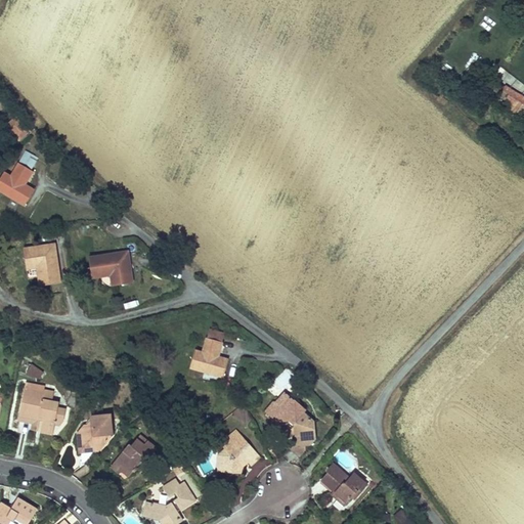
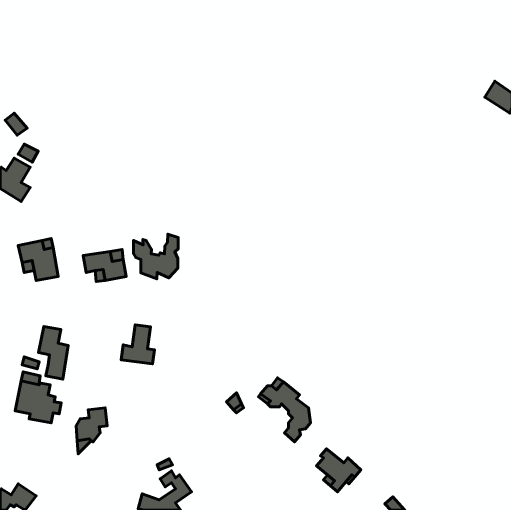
building: none -> [134,234,178,279]
building: [189,330,223,369] -> [121,325,154,364]
building: none -> [39,326,68,379]
building: [216,430,258,470] -> none
building: [107,437,157,484] -> none

